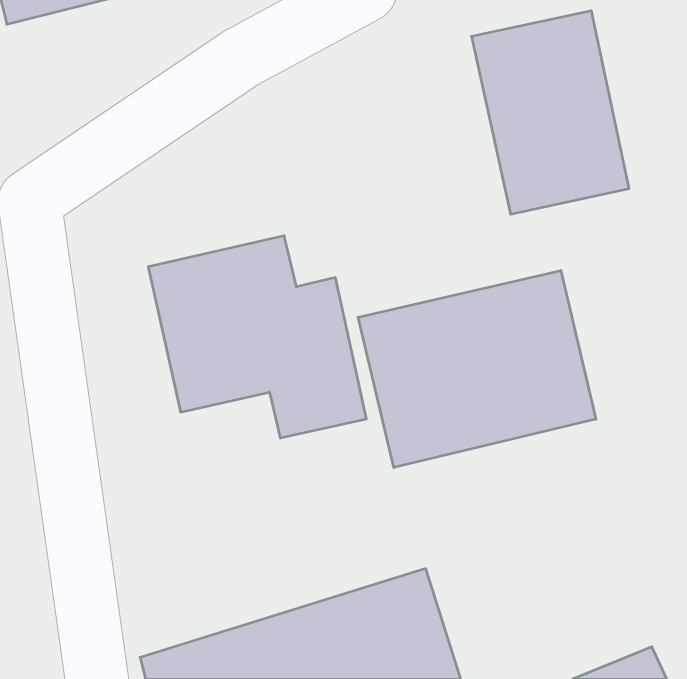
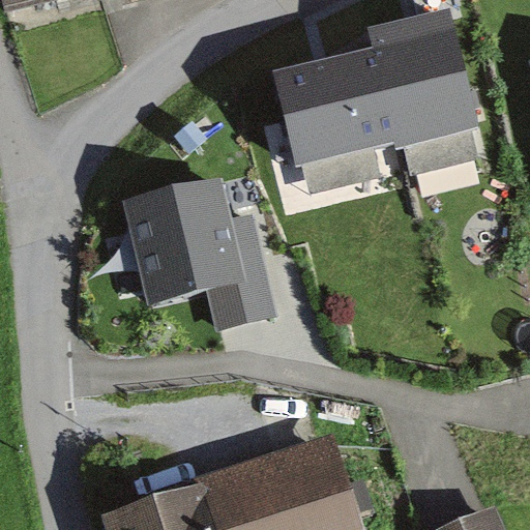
building: none -> [271,56,393,187]
building: [358,270,596,468] -> none

